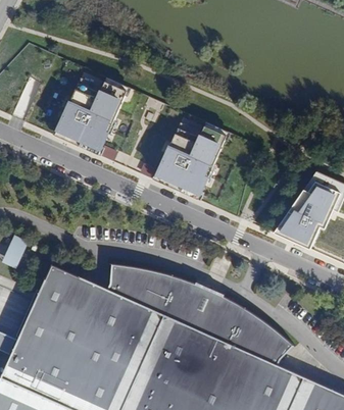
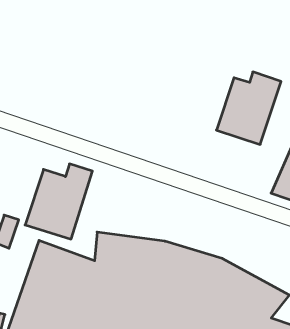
building: [54,70,127,146] -> [25,164,92,239]
building: [156,116,226,190] -> [216,72,281,144]

